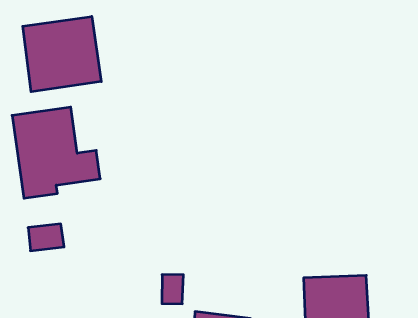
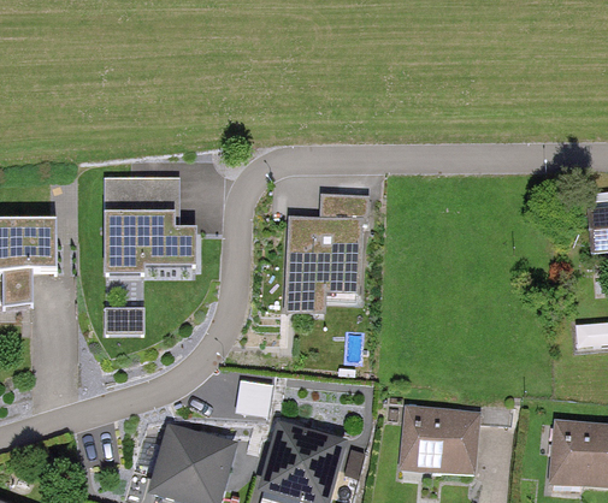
building: [23,16,101,92] -> none
building: none -> [285,194,367,295]

